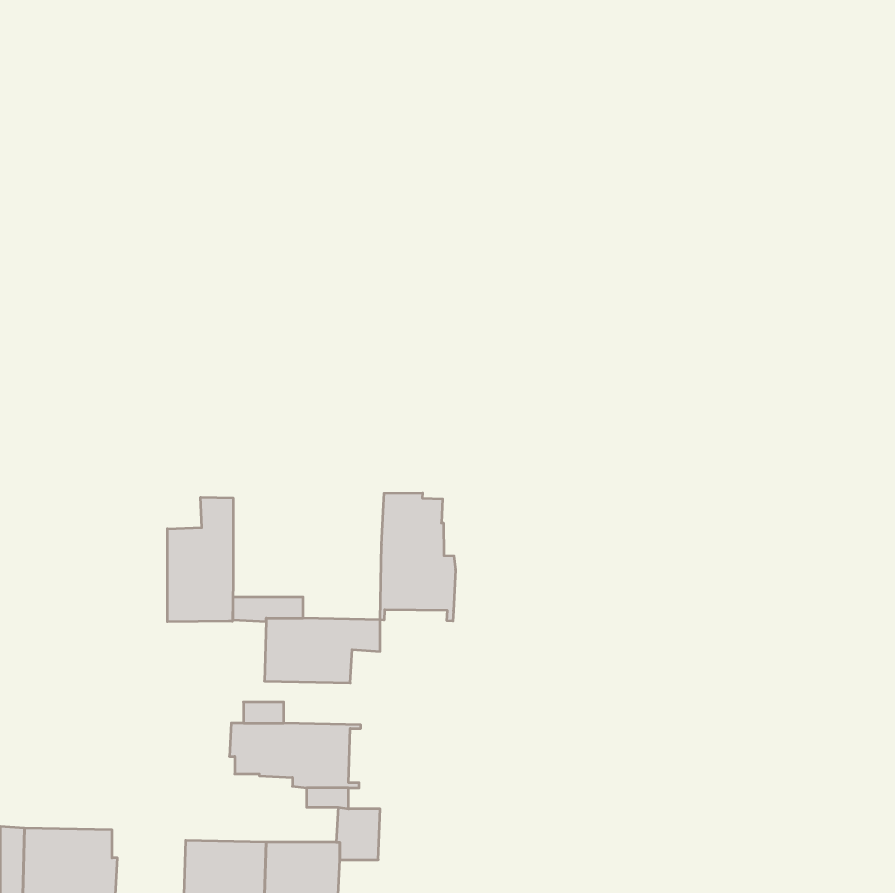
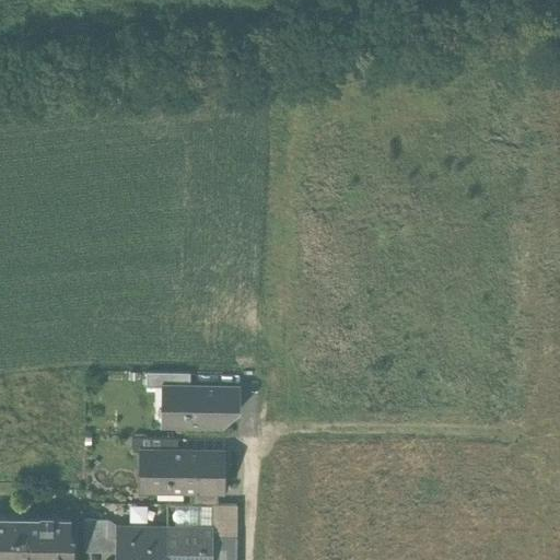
building: [380,493,455,621] -> none
building: [167,497,233,622] -> none
building: none -> [83,521,107,548]

